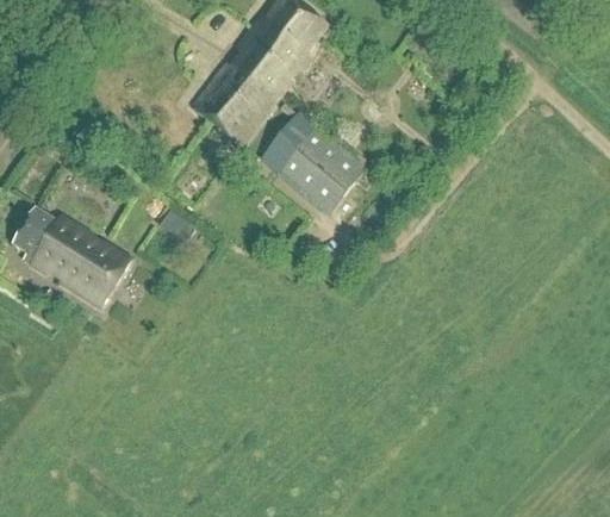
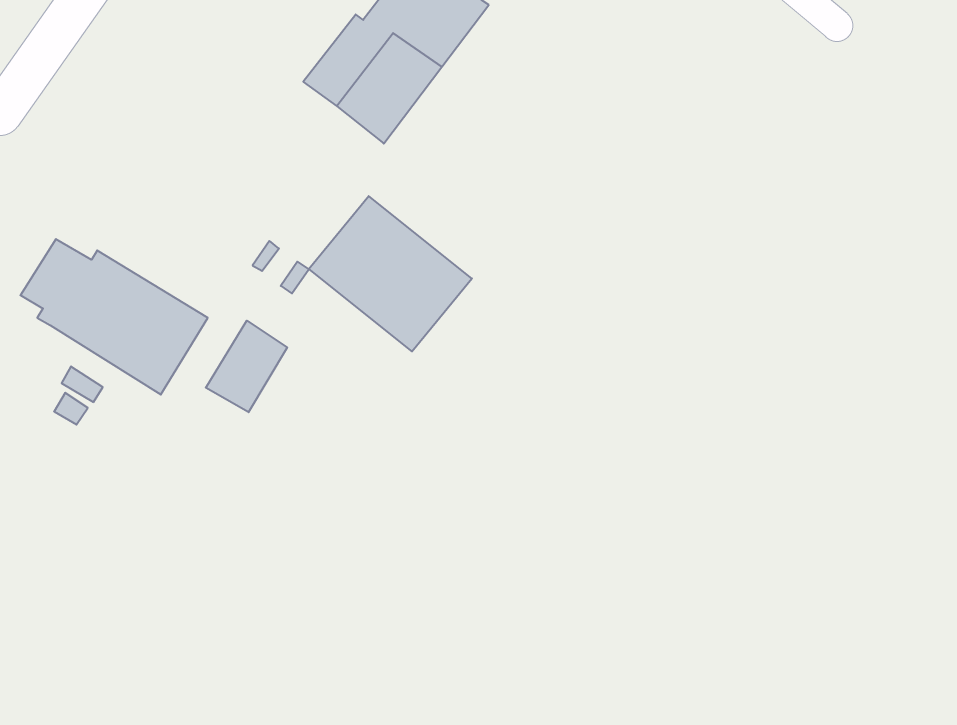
building: [263,114,367,213] -> [309,196,472,351]
building: none -> [206,321,287,412]

